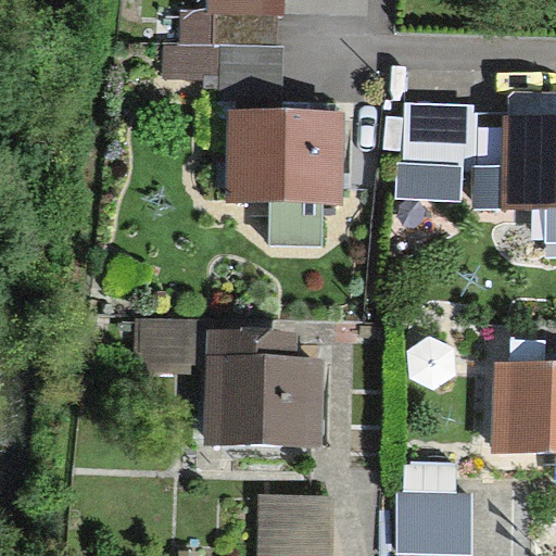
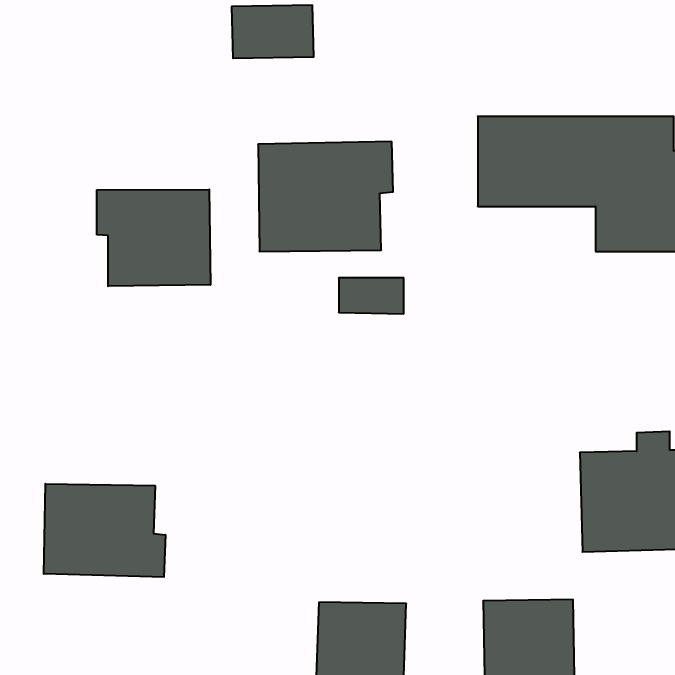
building: none -> [97,189,210,286]
building: [143,317,327,444] -> none
building: none -> [44,484,165,577]

